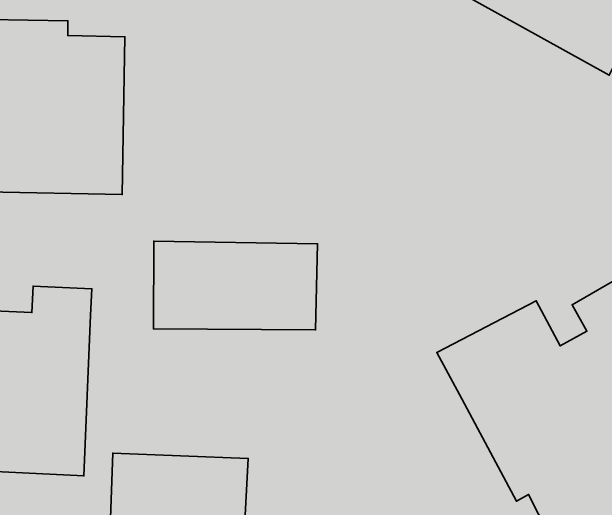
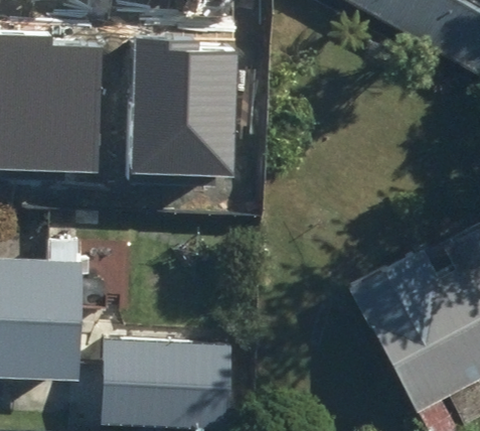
building: none -> [133,40,239,174]
building: [154,241,317,330] -> none

